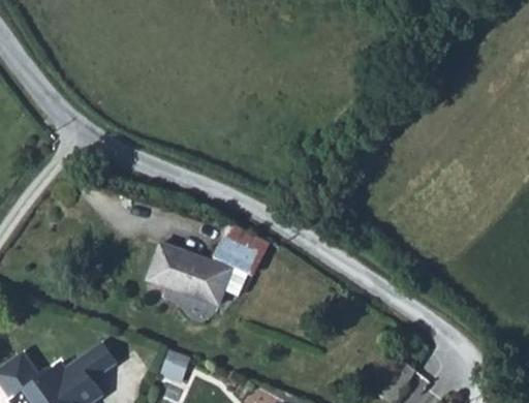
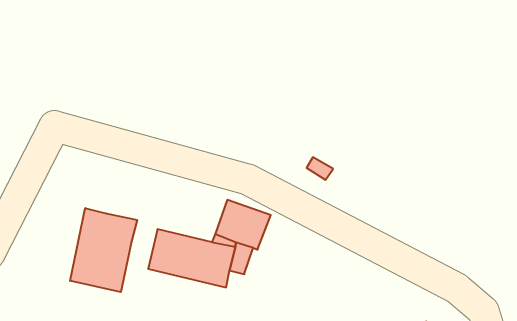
building: none -> [70,208,137,292]

